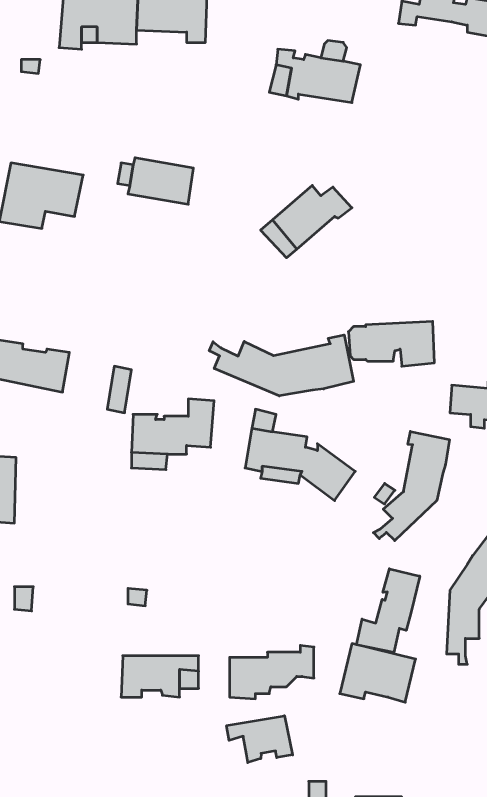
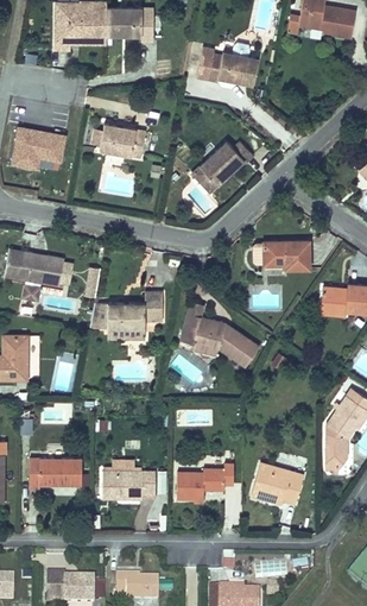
building: [209,335,354,396] -> none
building: [373,431,449,541] -> none
building: [356,569,420,652] -> none
building: none -> [25,455,78,486]
building: [227,716,293,763] -> none

